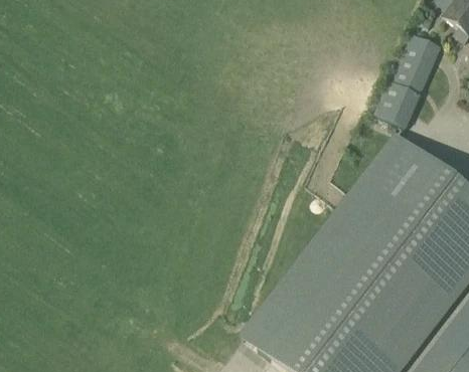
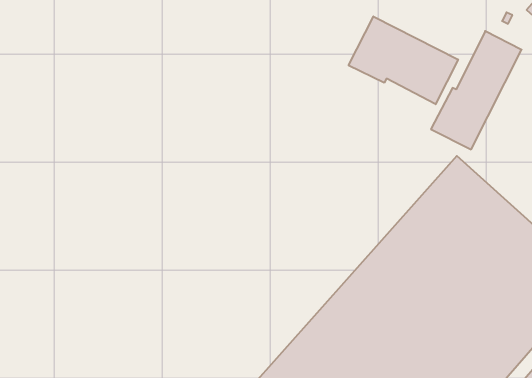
building: none -> [349,16,458,104]

